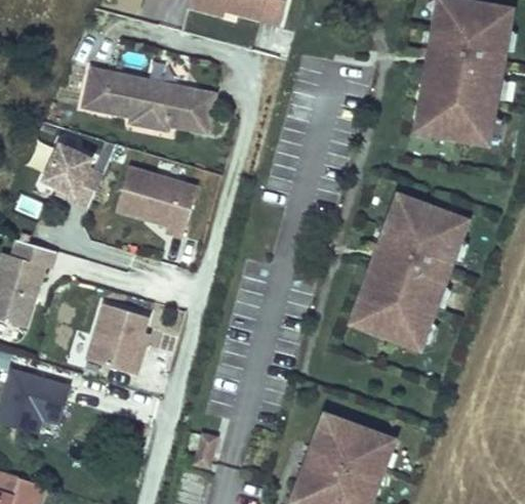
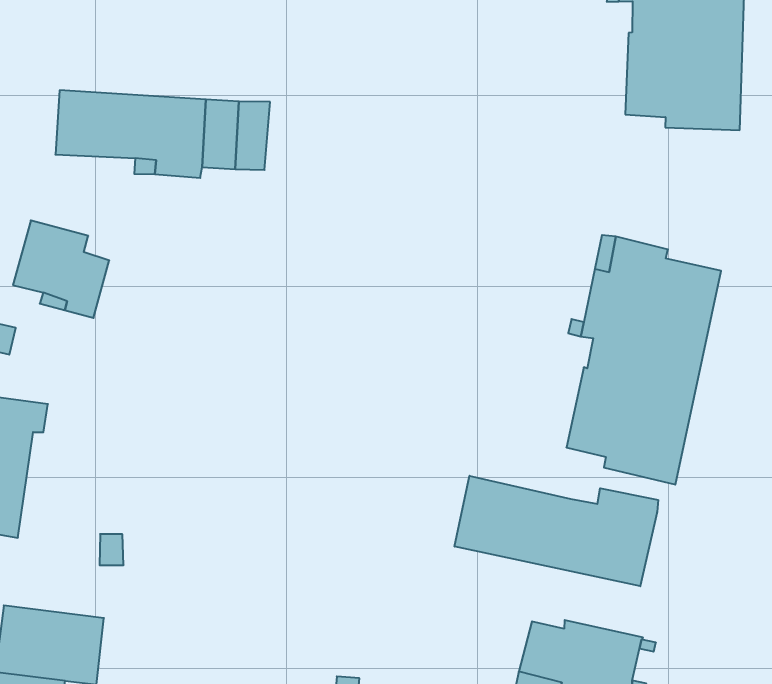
building: [112,167,194,237] -> none
building: [84,303,146,375] -> none
building: none -> [455,476,658,586]

